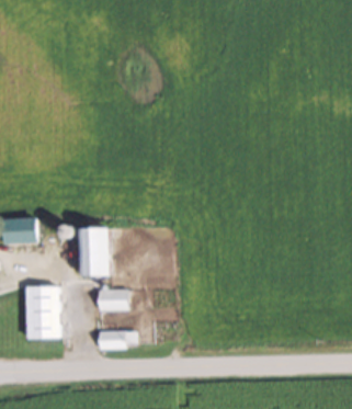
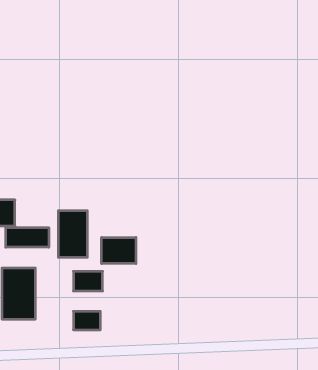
building: none -> [6,228,49,247]
building: none -> [102,237,136,264]

